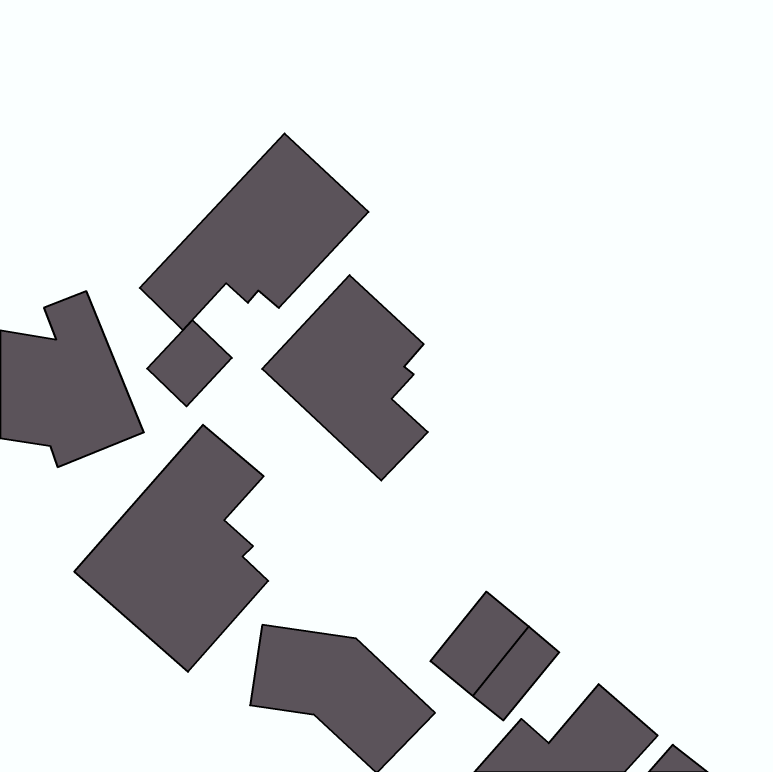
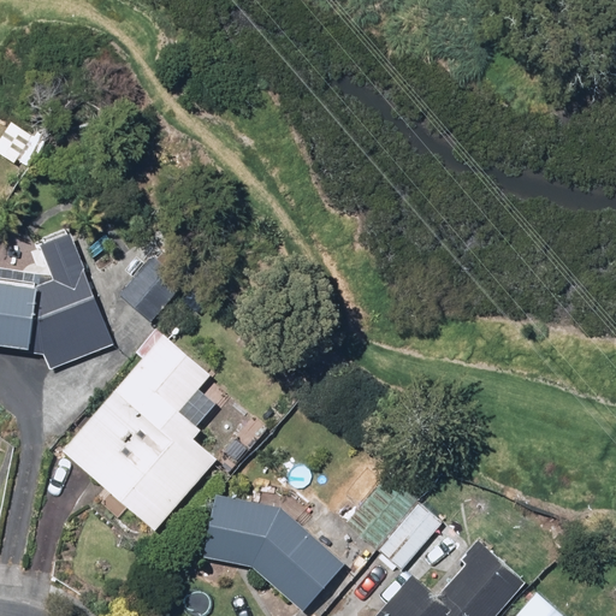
building: [140,133,369,330] -> none
building: [262,275,428,481] -> none

